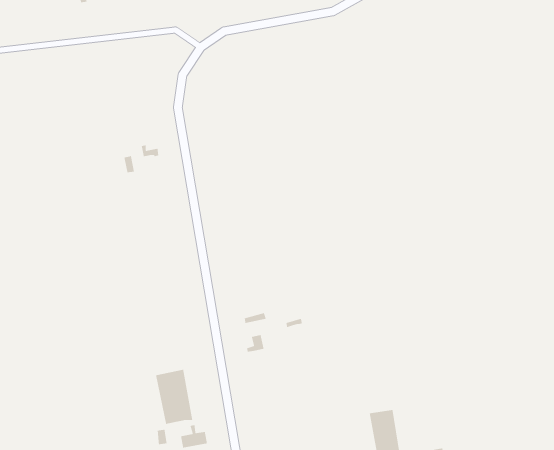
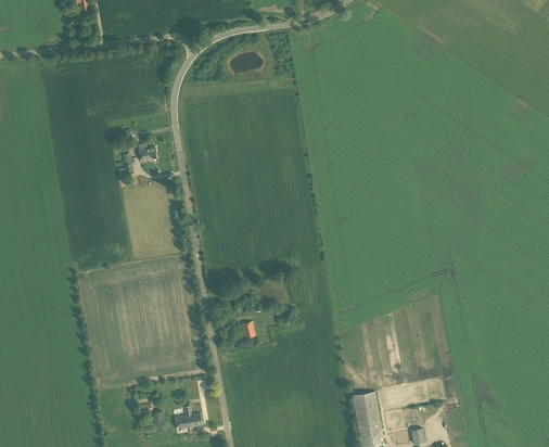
building: [155,369,193,425] -> none

